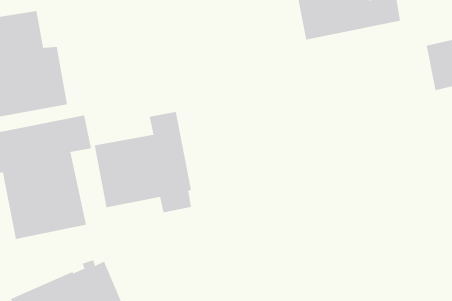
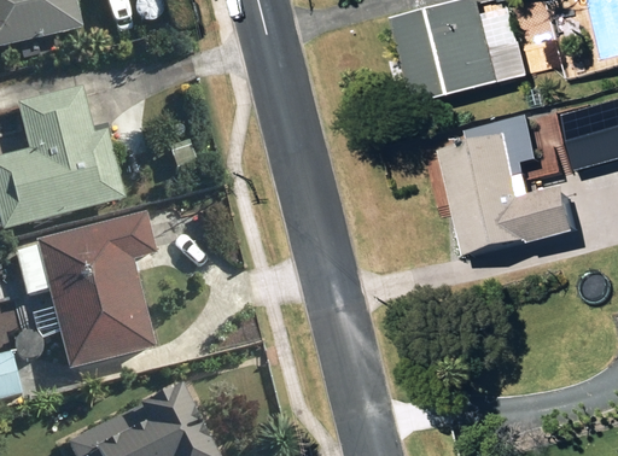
building: none -> [438,113,576,257]
building: [94,111,192,213] -> none

